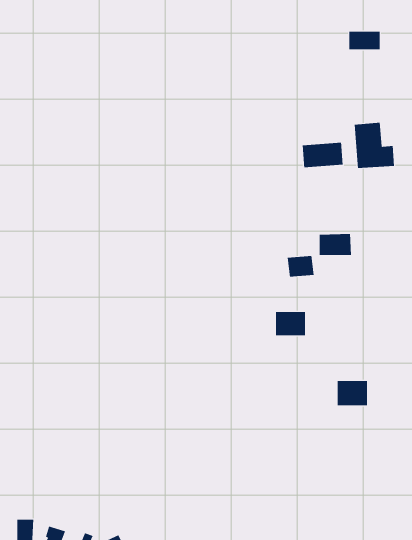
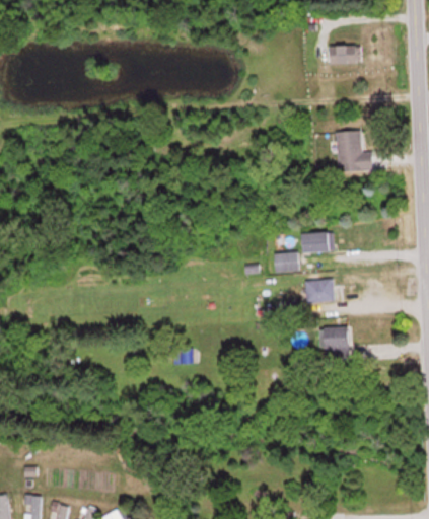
building: [302,142,343,168] -> none
building: [275,312,306,336] -> [305,280,334,302]
building: [337,380,368,406] -> [320,327,349,351]

